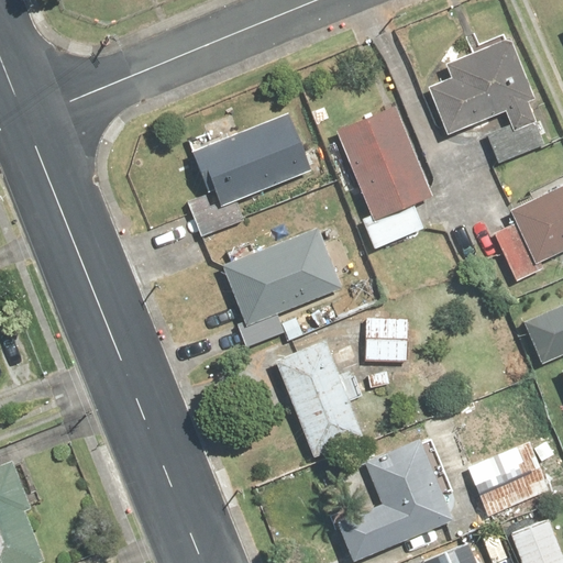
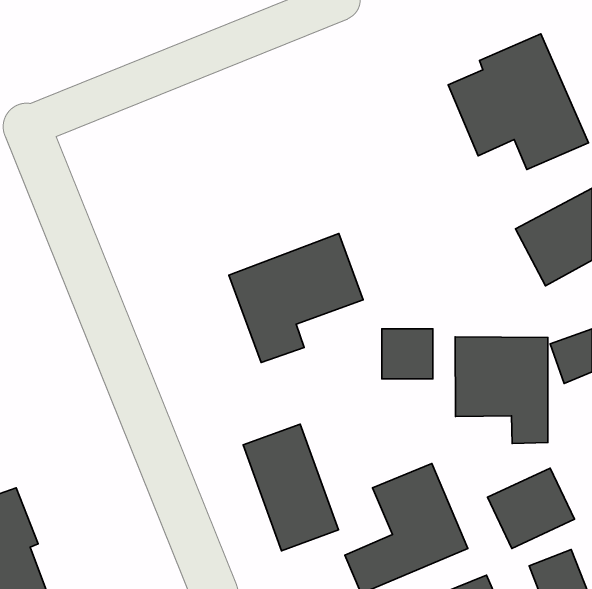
building: [338,101,434,250] -> none
building: [188,107,316,236] -> none
building: none -> [455,337,548,444]
building: [276,335,366,455] -> [243,424,338,551]

